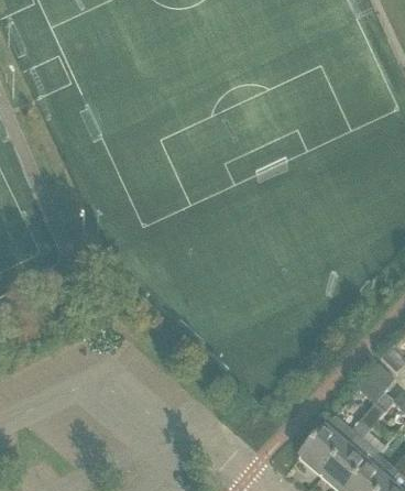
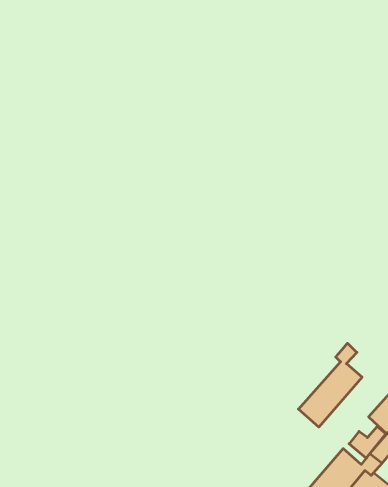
building: none -> [298,343,362,427]

